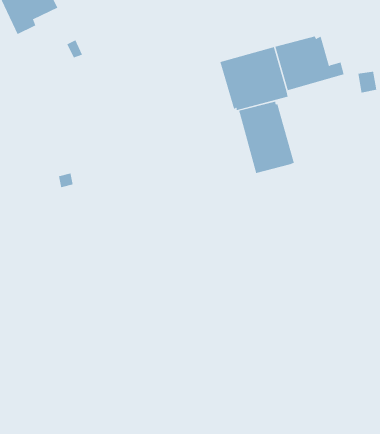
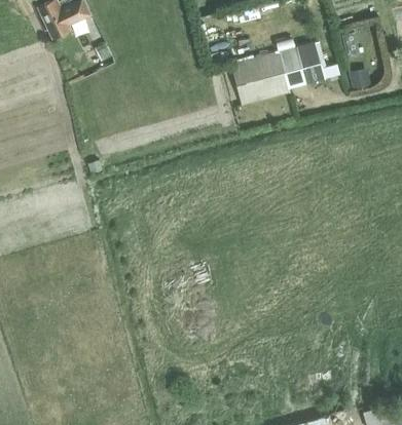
building: [238,101,295,174] -> none

